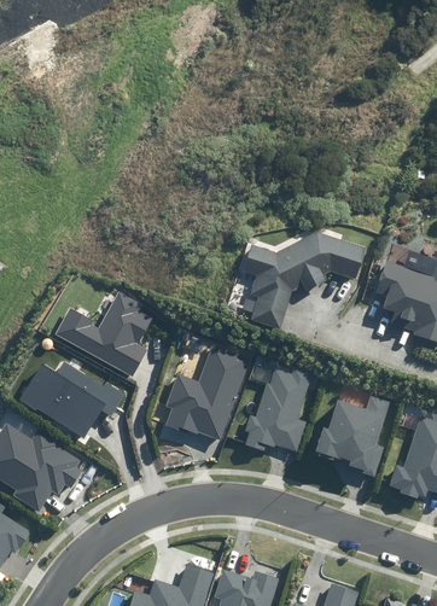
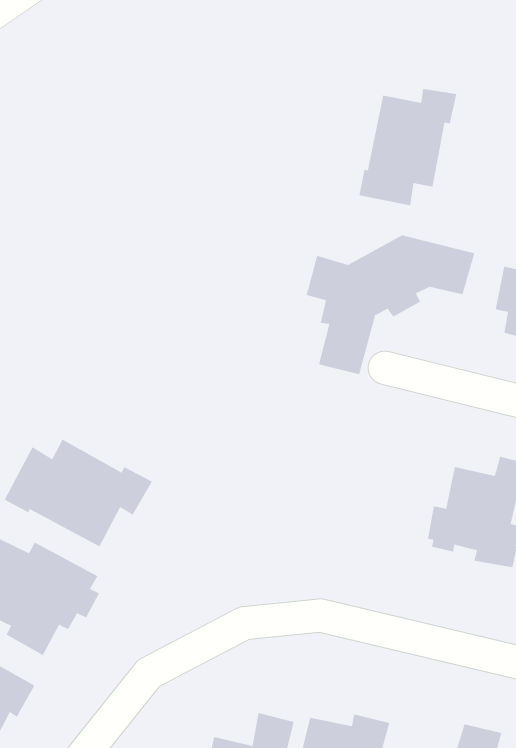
building: none -> [359,88,457,206]
building: [54,291,152,377] -> none
building: [167,344,250,439] -> none
building: [245,366,311,450] -> none

